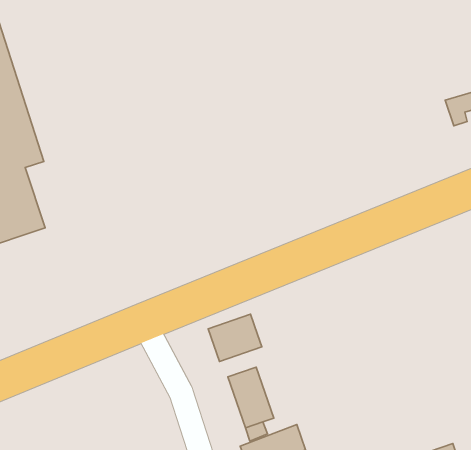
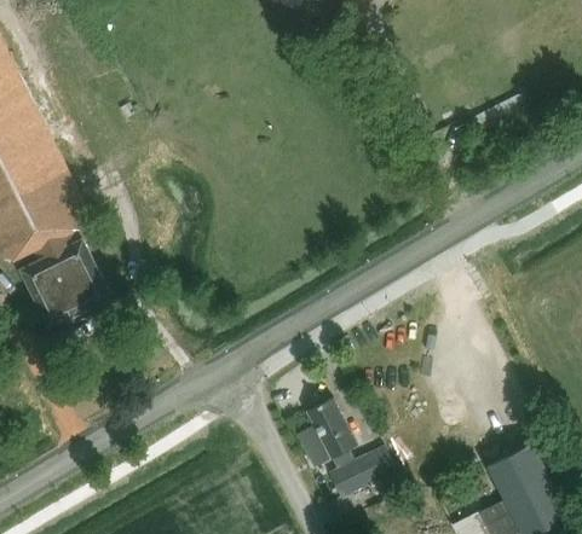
building: [208,314,262,361] -> none

